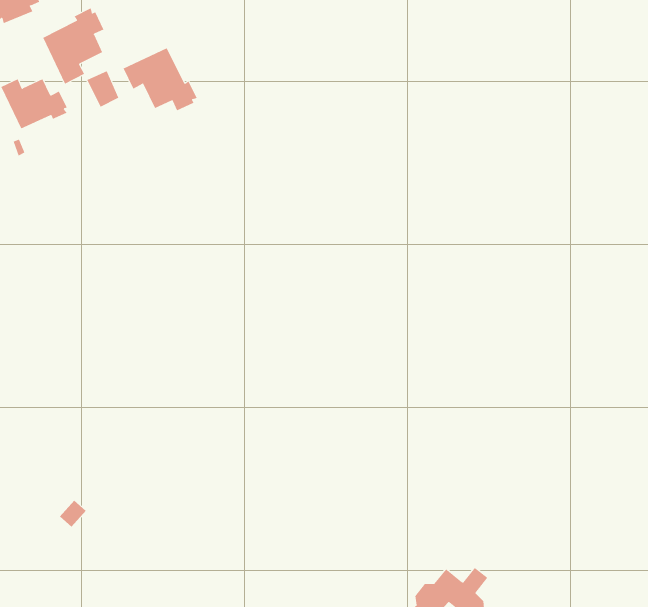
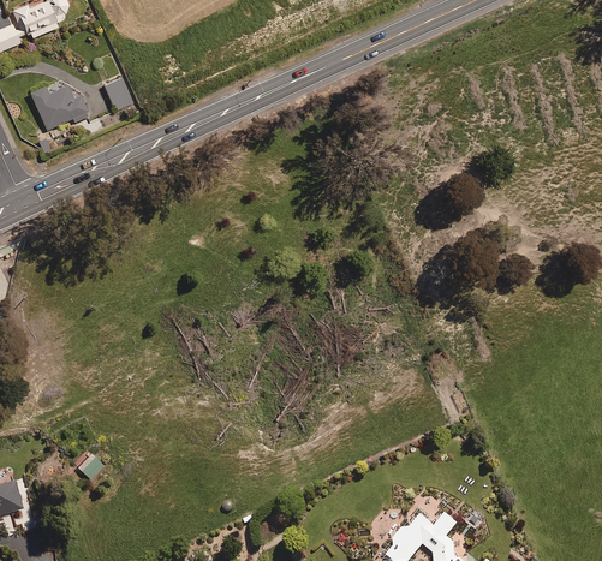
building: [42,8,104,84] -> none
building: [123,47,197,111] -> none

